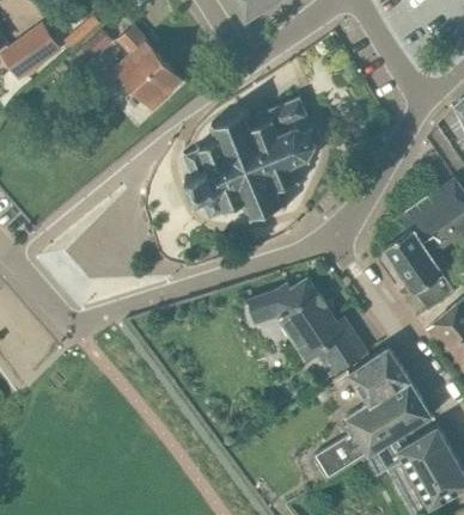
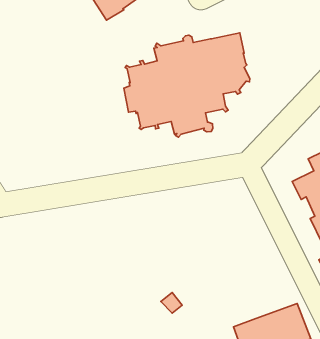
building: [246,277,367,375] -> none
building: [332,347,410,404] -> none

